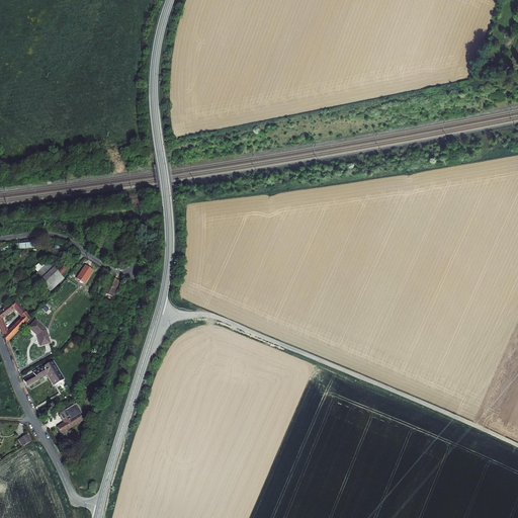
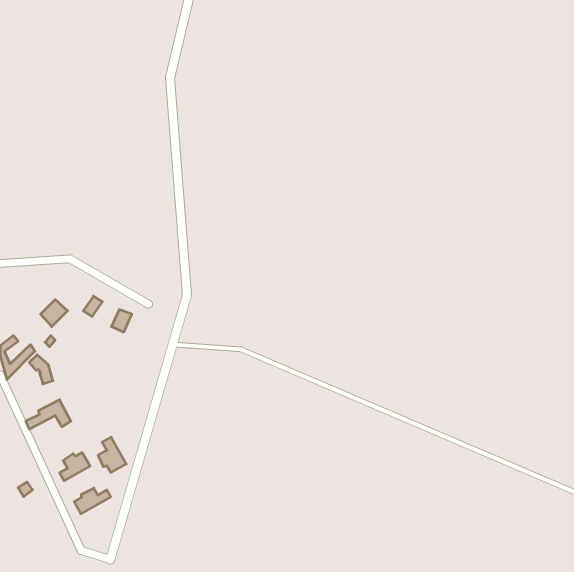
building: none -> [98,437,126,472]
building: none -> [74,488,111,514]

